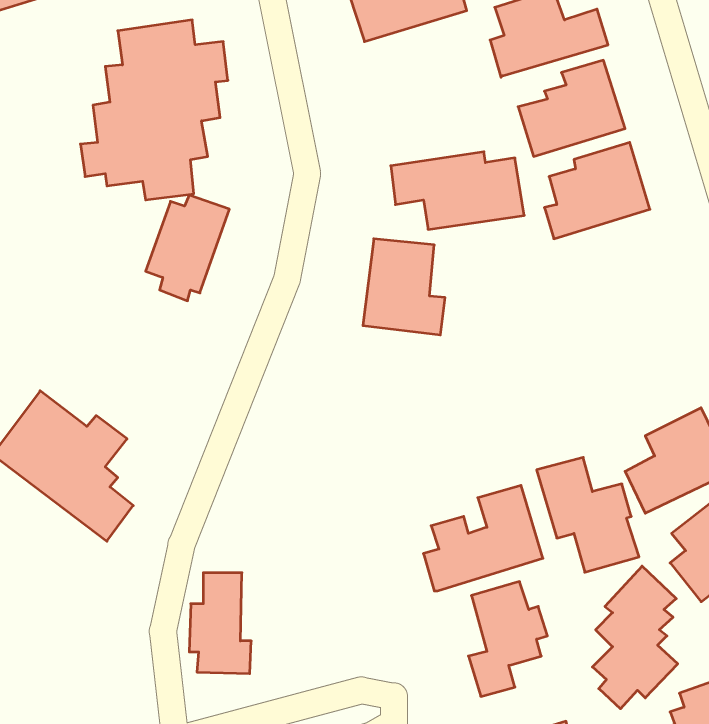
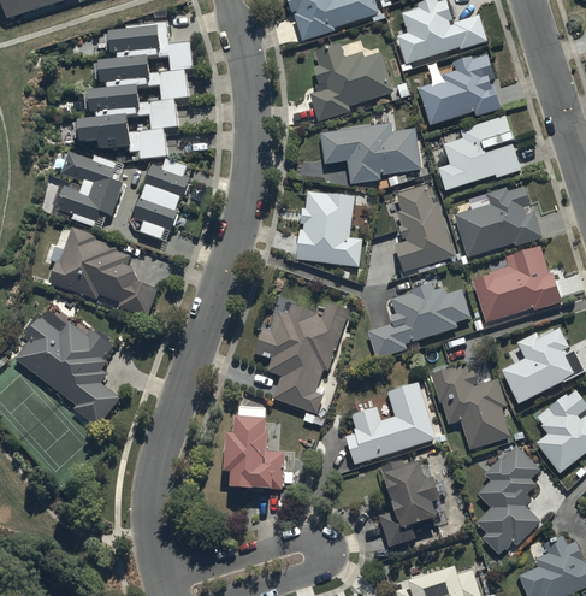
building: none -> [308,42,395,118]
building: none -> [54,148,123,224]
building: none -> [392,183,452,271]
building: none -> [454,183,541,258]
building: none -> [49,226,158,315]
building: none -> [470,246,561,324]
building: none -> [366,283,469,359]
building: none -> [253,299,348,411]
building: [189,573,251,674] -> [224,408,272,486]

